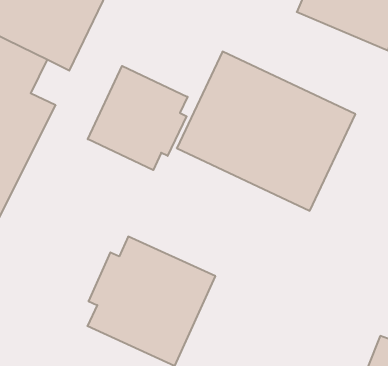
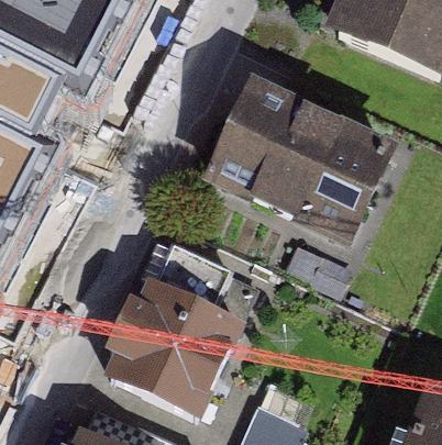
building: [88,66,188,170] -> none

